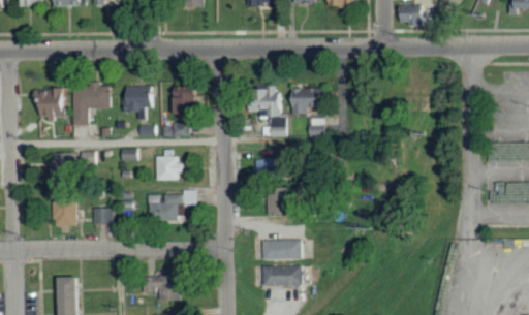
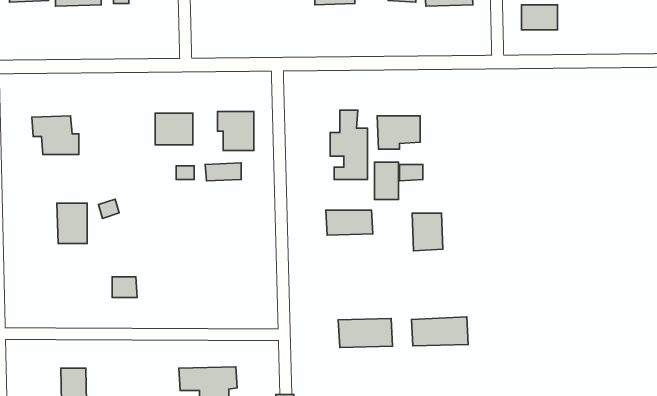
building: [75,86,112,125] -> none
building: none -> [374,162,399,199]
building: [154,149,182,180] -> none
building: [267,187,289,215] -> [412,213,443,251]
building: [148,189,196,219] -> none
building: [54,191,76,225] -> none
building: [260,264,303,286] -> [411,317,468,346]

